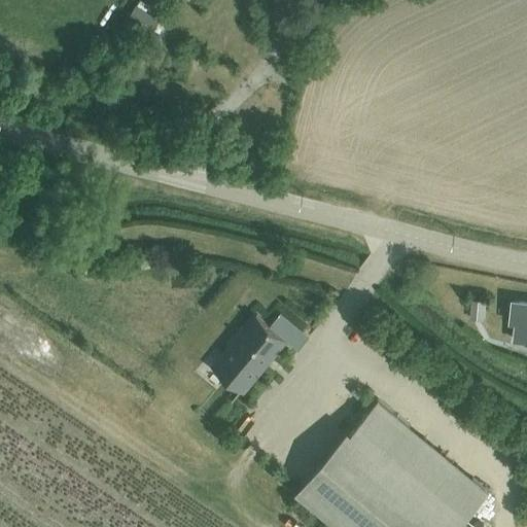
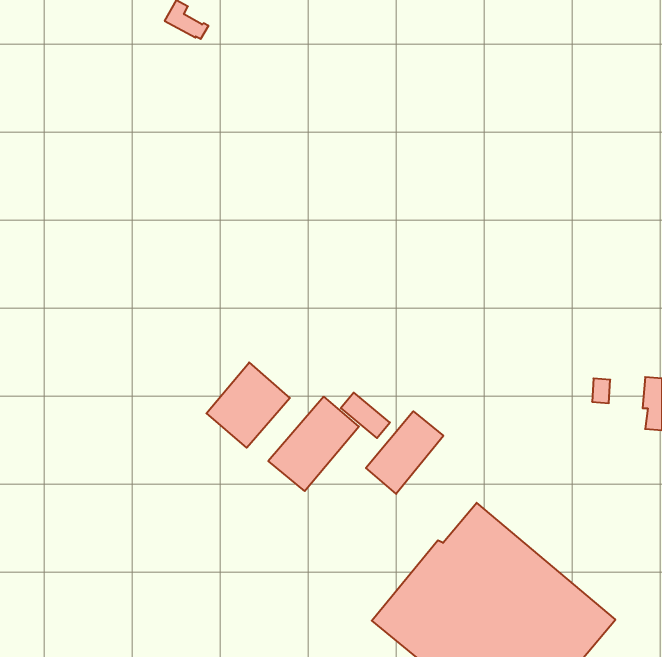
building: none -> [206,362,290,448]
building: none -> [366,411,443,494]

